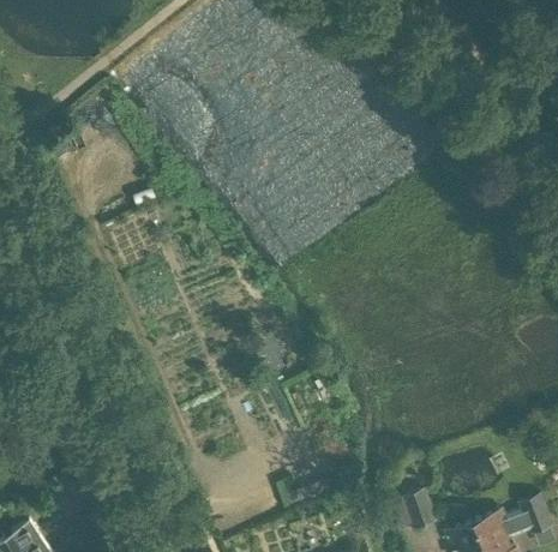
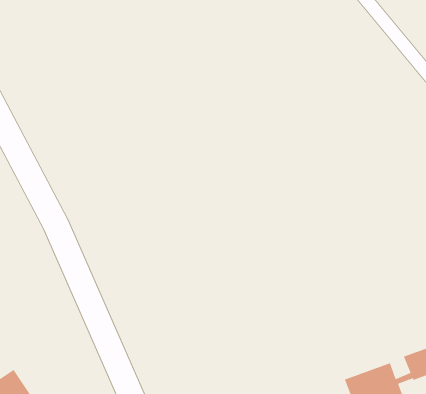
building: [401,487,436,529] -> none

